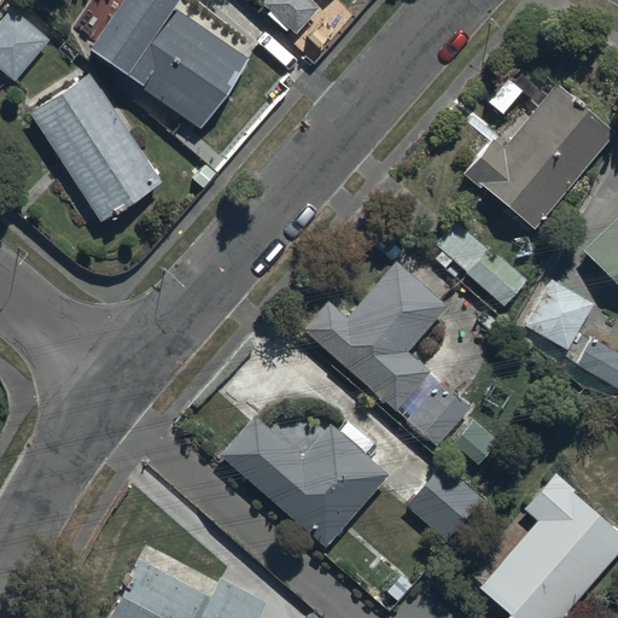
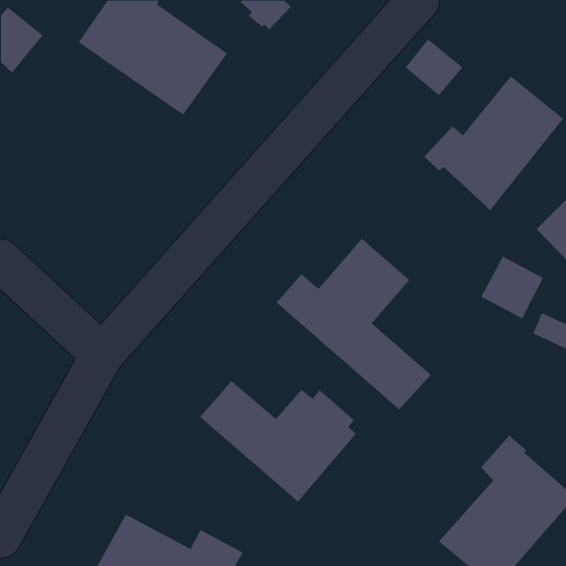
building: none -> [405,39,463,96]
building: [28,72,161,222] -> none
building: [436,223,526,307] -> none
building: [407,465,482,540] -> none

